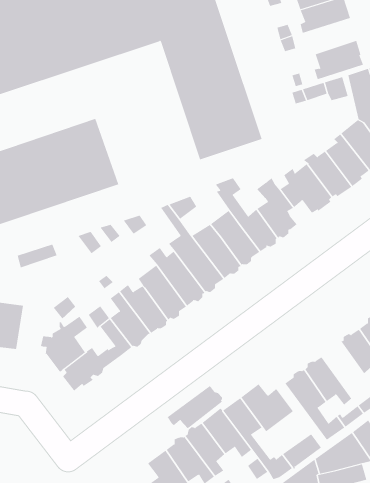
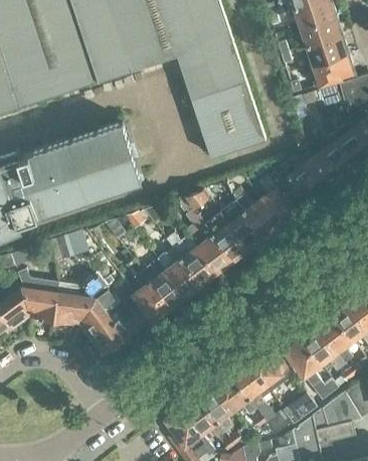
building: none -> [300,34,347,65]
building: none -> [53,283,90,325]
building: none -> [317,314,353,363]
building: [167,385,223,429] -> none

